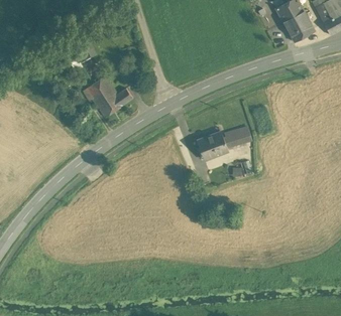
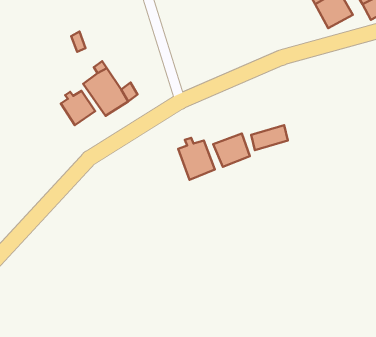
building: none -> [61,91,95,125]
building: none -> [178,138,215,180]

